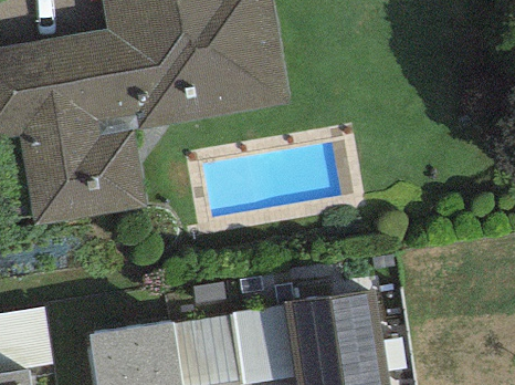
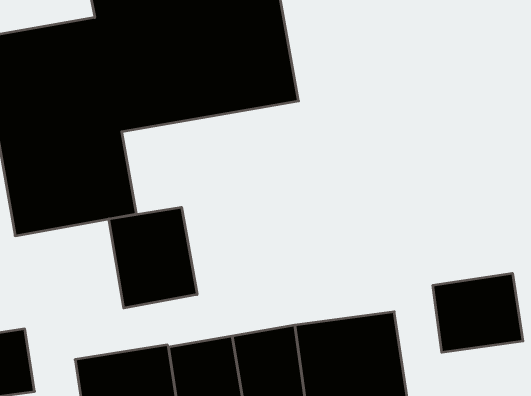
building: none -> [109,207,197,308]
building: none -> [433,273,523,352]

